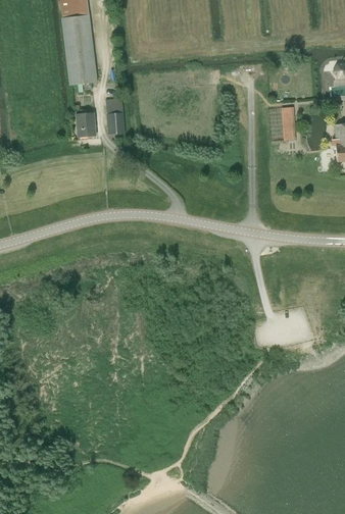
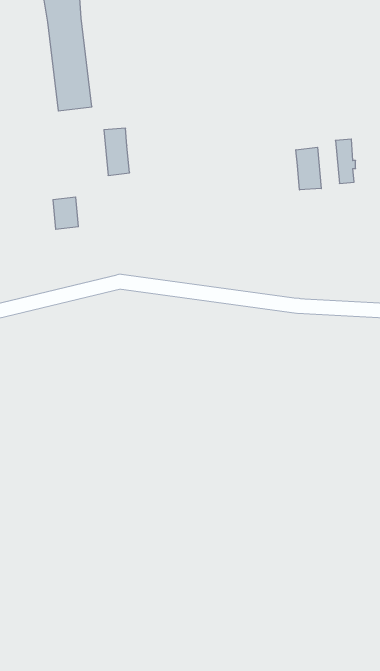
building: [76,112,95,137] -> [53,197,78,229]
building: none -> [296,147,321,190]

